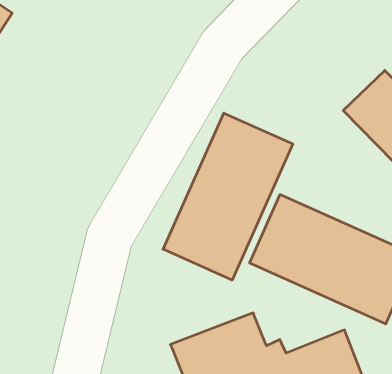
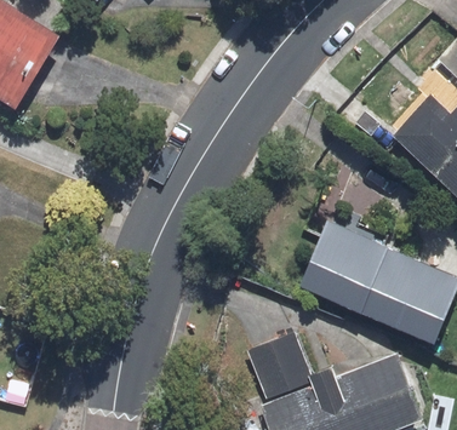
building: [163,113,293,280] -> none

